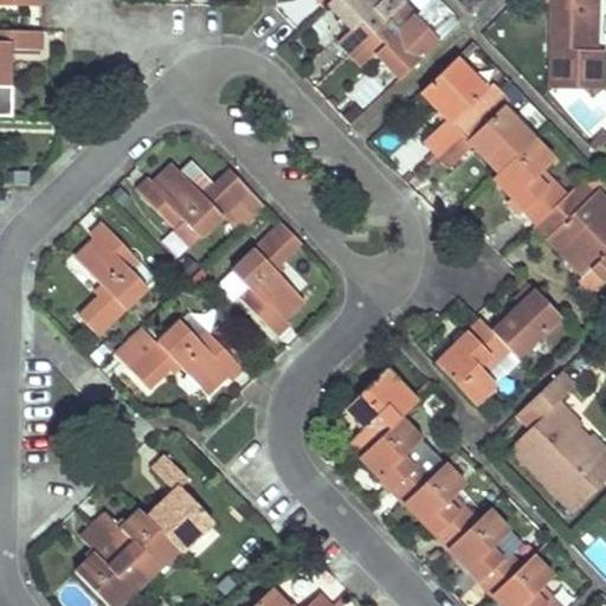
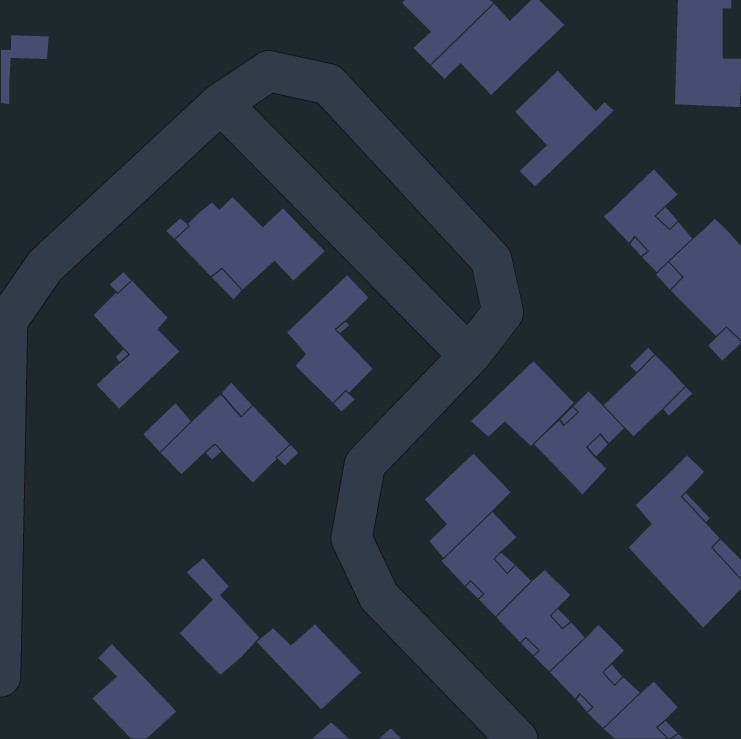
building: [437,90,534,172] -> none
building: none -> [470,361,575,447]
building: [92,509,179,580] -> [256,623,362,710]

